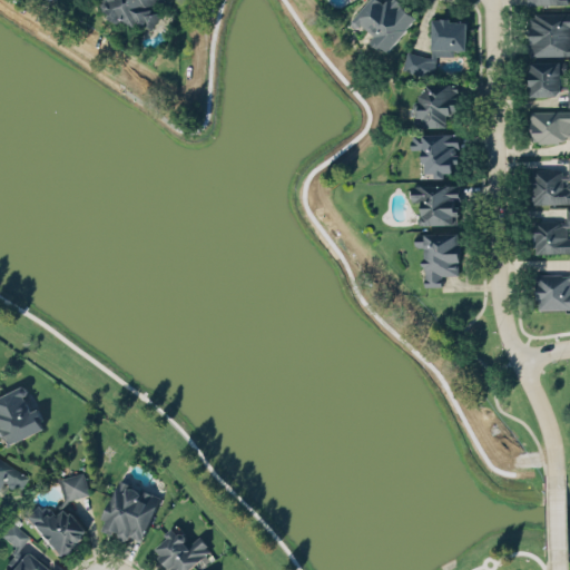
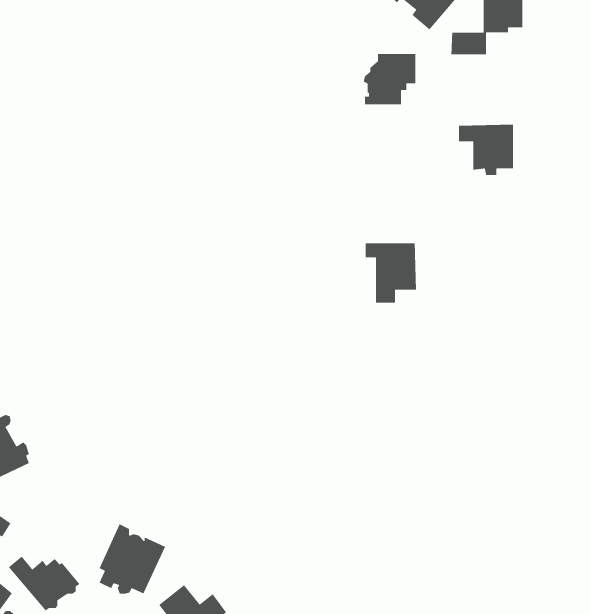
building: [414,83,460,128] -> [363,53,416,105]
building: [412,185,462,226] -> none
building: [415,236,460,288] -> [365,243,417,304]
building: [60,475,88,502] -> none

